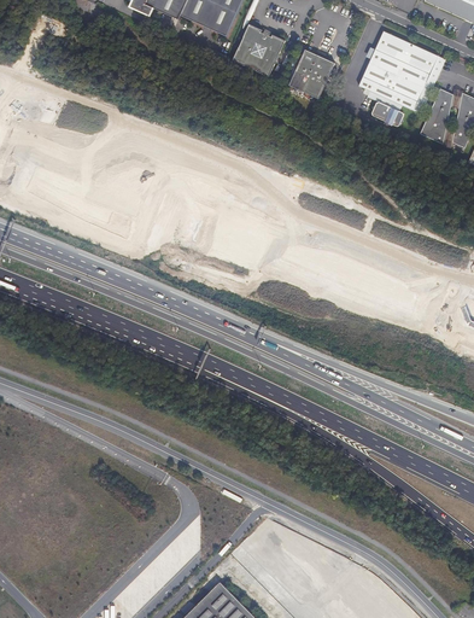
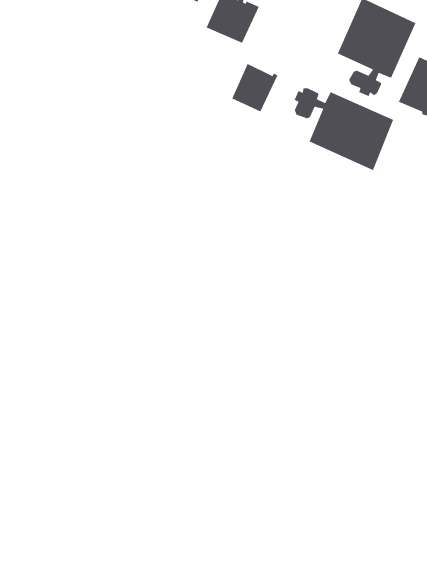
building: [288,49,334,98] -> [231,63,278,112]
building: none -> [294,88,394,171]

